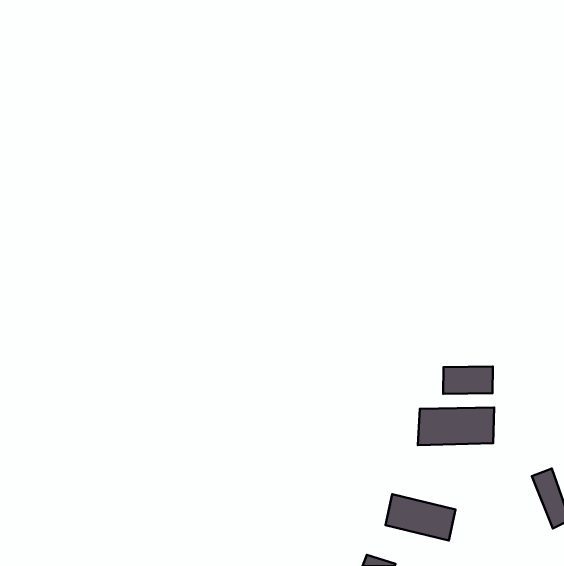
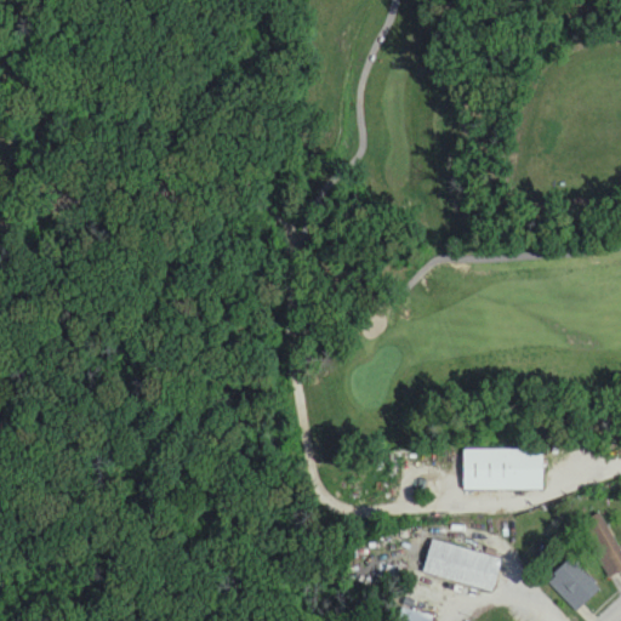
building: [443,366,493,394] -> none
building: none -> [548,559,602,613]

